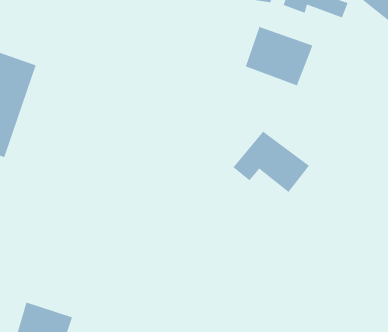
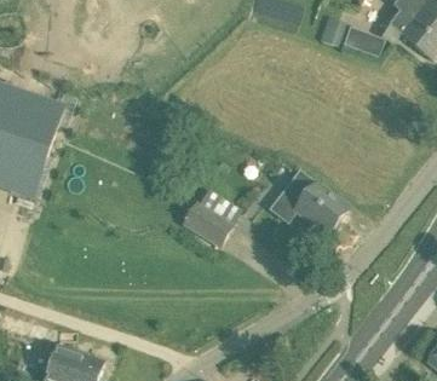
building: [245,26,313,86] -> none
building: none -> [183,203,232,248]

